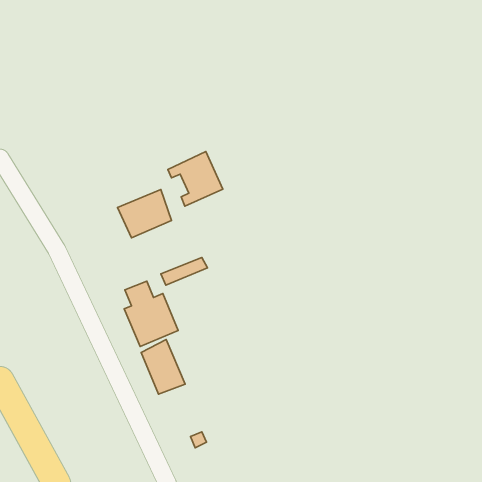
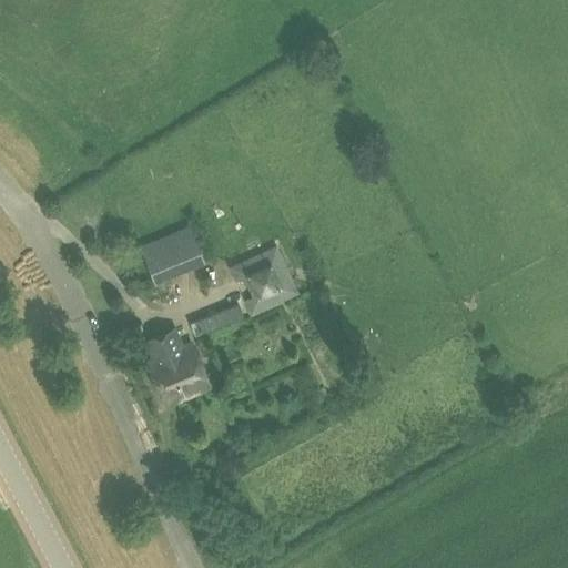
building: [168,151,223,206] -> [234,248,298,313]
building: [141,339,185,394] -> none

